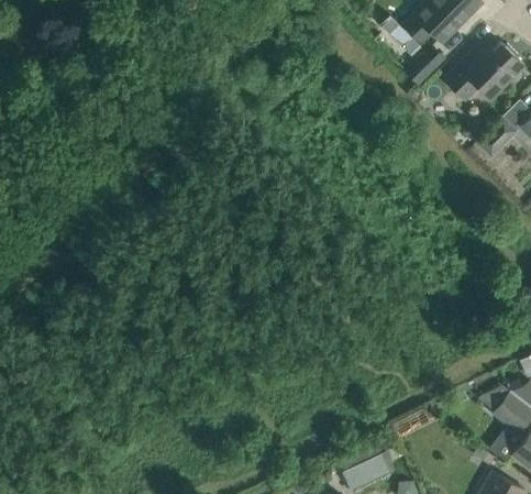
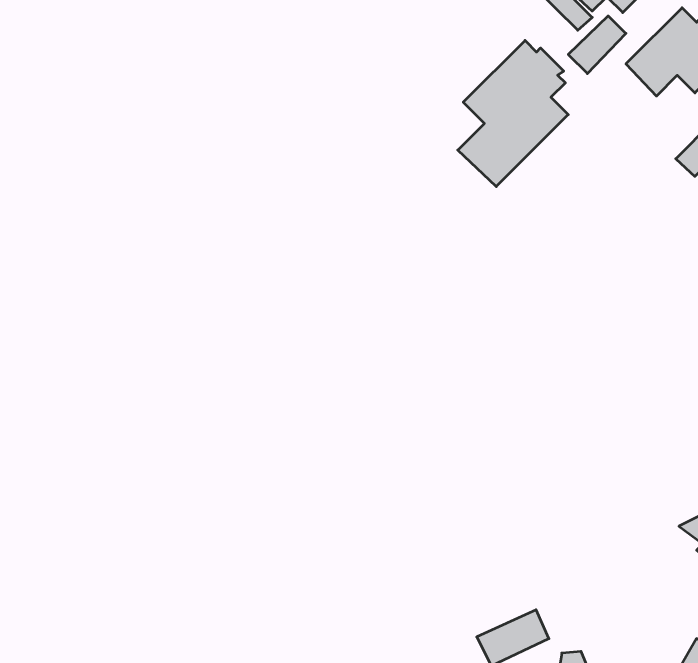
building: none -> [458,40,568,187]

